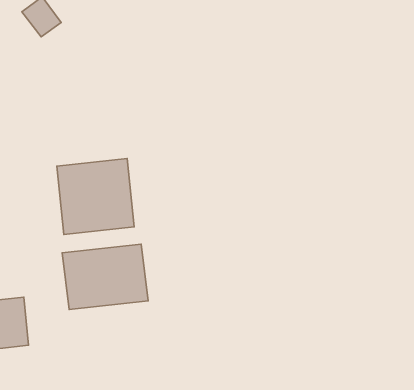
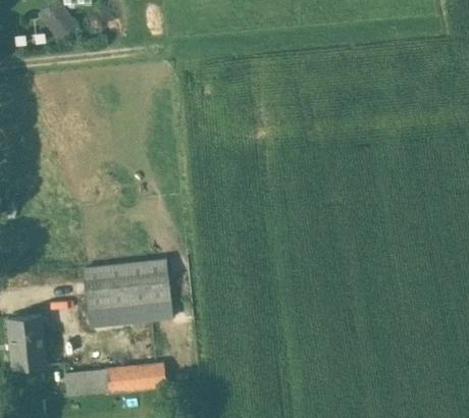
building: [57,158,134,235] -> none
building: none -> [62,363,165,398]

